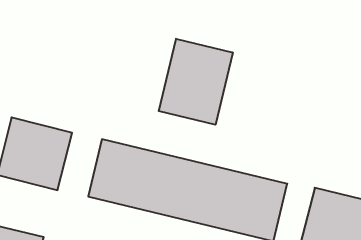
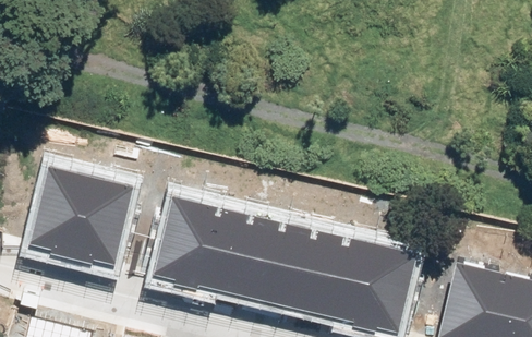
building: [159,39,233,125] -> none

